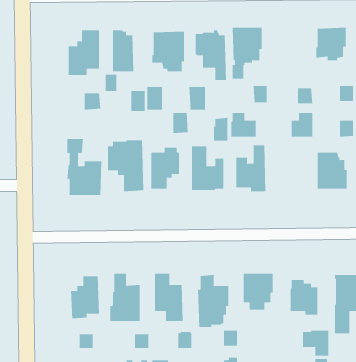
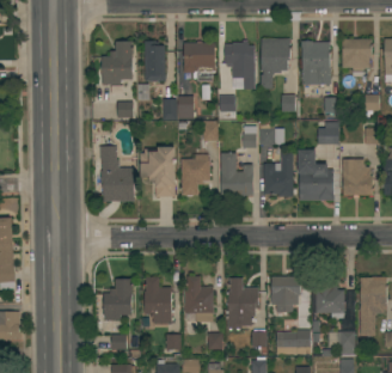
building: none -> [302,41,331,84]
building: none -> [298,149,333,200]
building: none -> [276,330,311,355]

